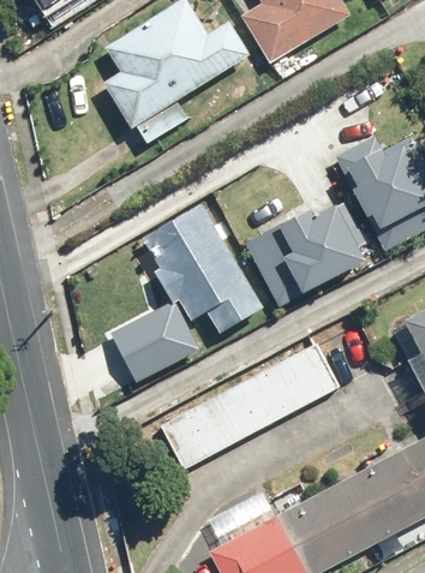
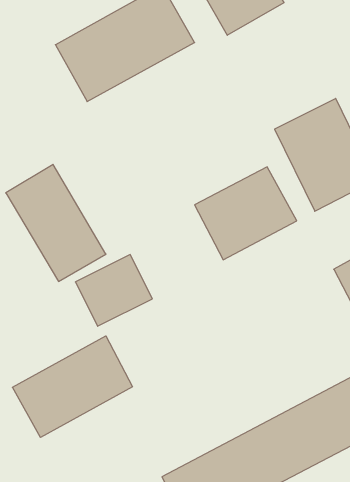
building: [144,205,258,339] -> [6,164,106,281]
building: [163,340,340,467] -> none
building: none -> [12,336,132,437]

